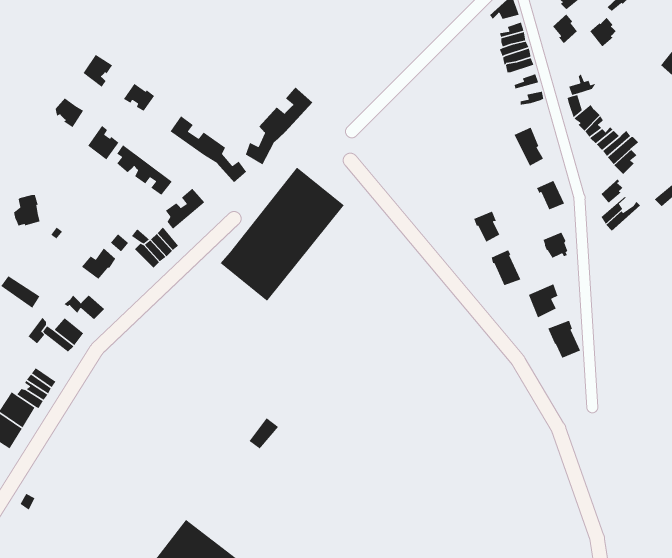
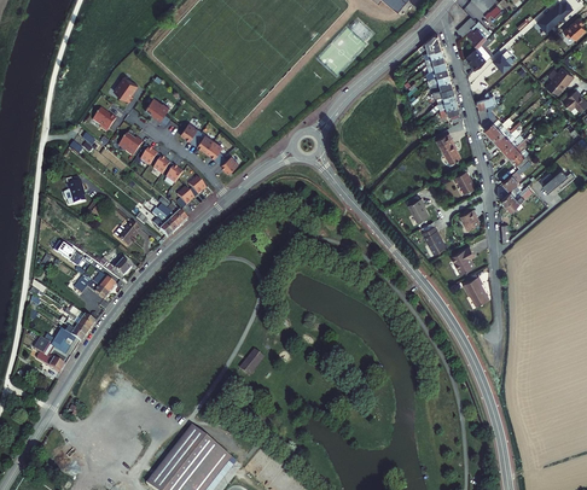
building: [245,86,313,165] -> none
building: [219,166,345,302] -> none

